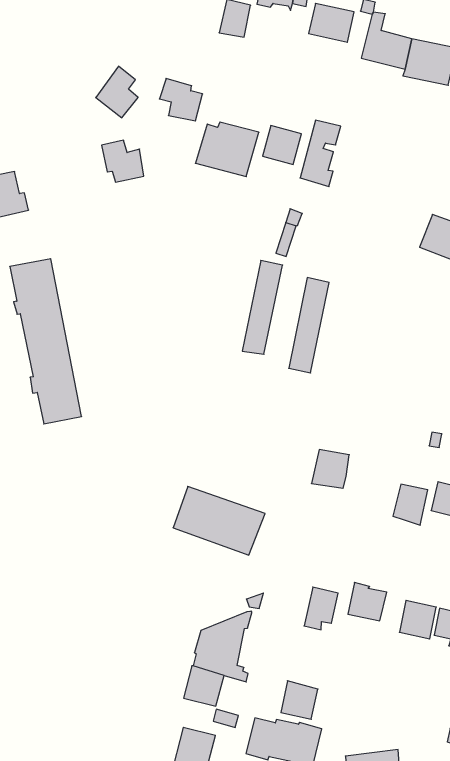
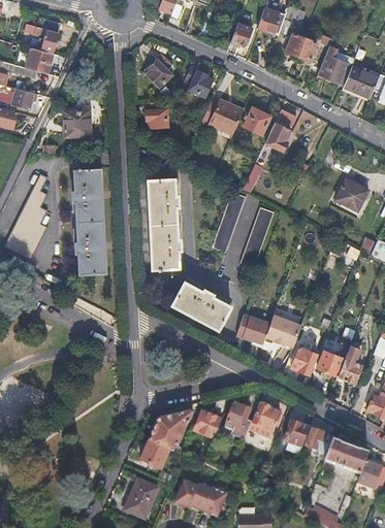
building: none -> [149,178,182,267]
building: none -> [266,314,302,346]
building: [173,486,265,555] -> [172,279,232,329]
building: [281,681,318,719] -> [196,410,222,437]

